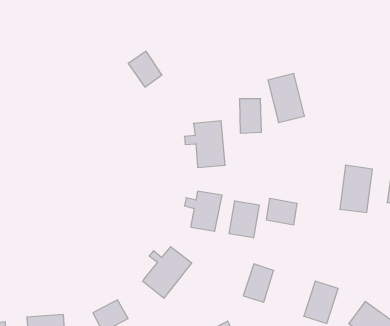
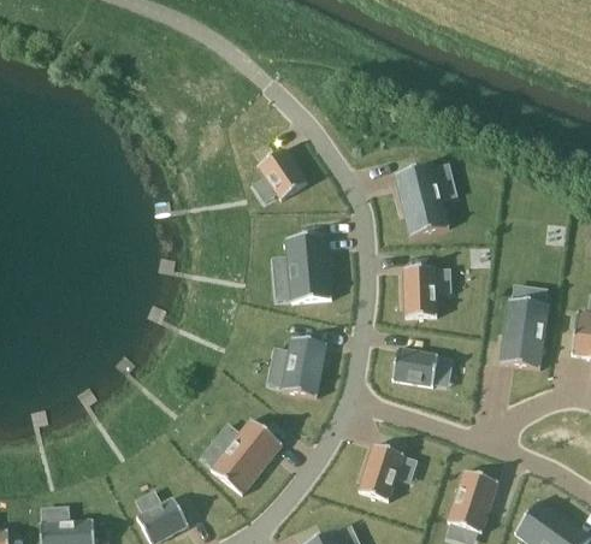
building: [128,51,162,87] -> [258,146,307,199]
building: [239,99,261,133] -> [404,266,437,317]
building: [229,201,259,238] -> none

